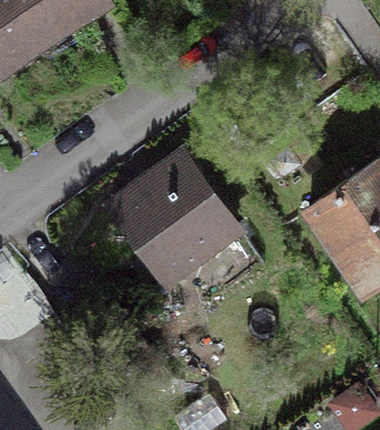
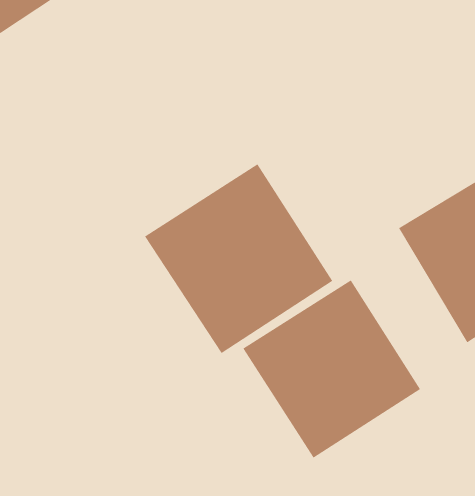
building: none -> [242,280,421,459]

